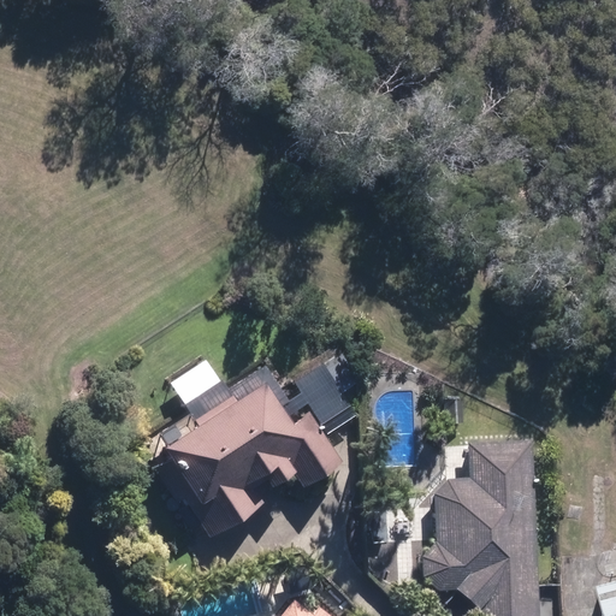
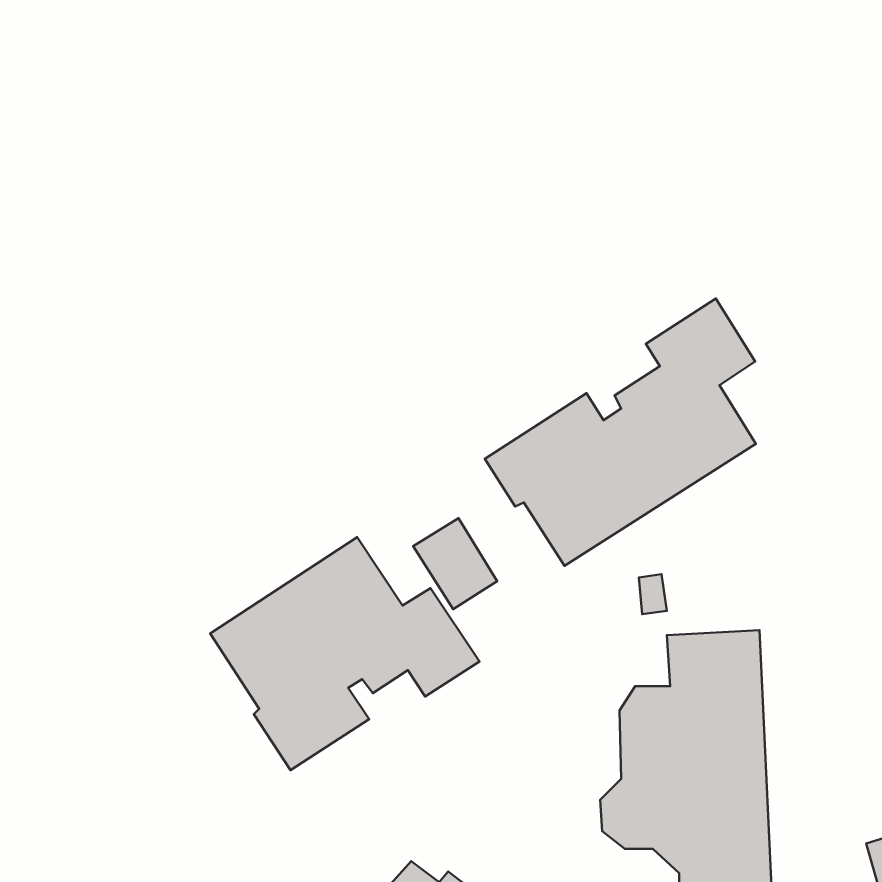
building: none -> [485,298,756,566]

